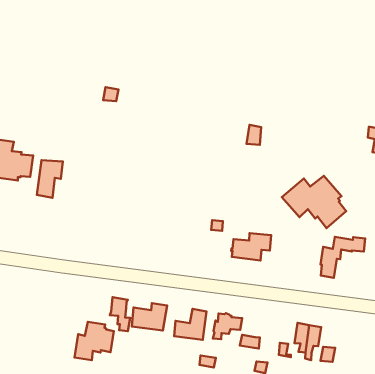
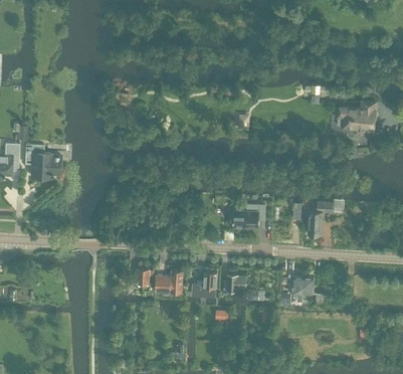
building: [37,160,63,198] -> none
building: [282,176,346,228] -> none
building: [74,322,114,360] -> none

